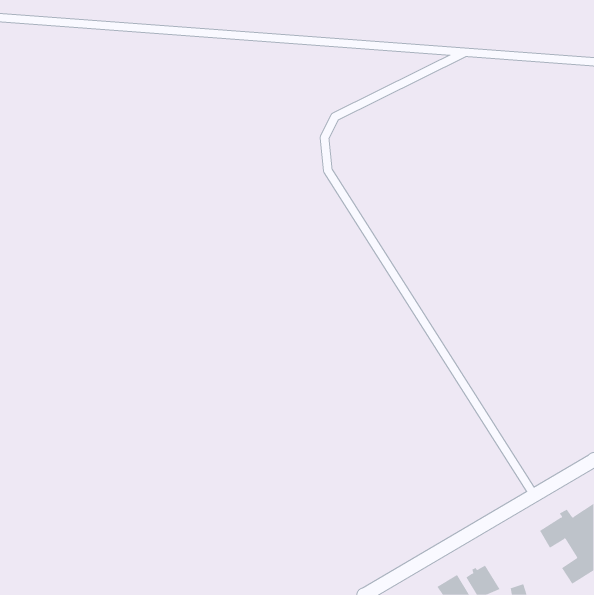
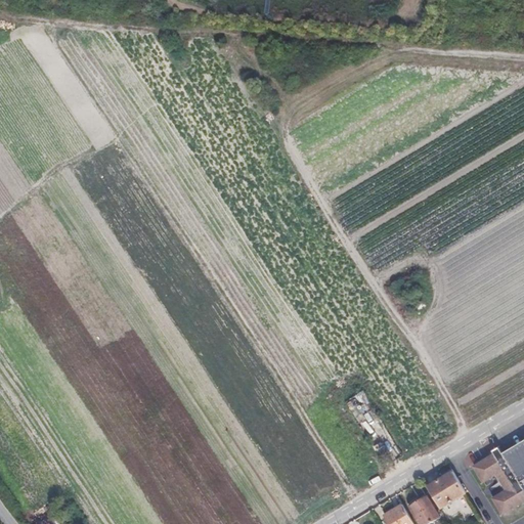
building: none -> [426,471,465,508]

